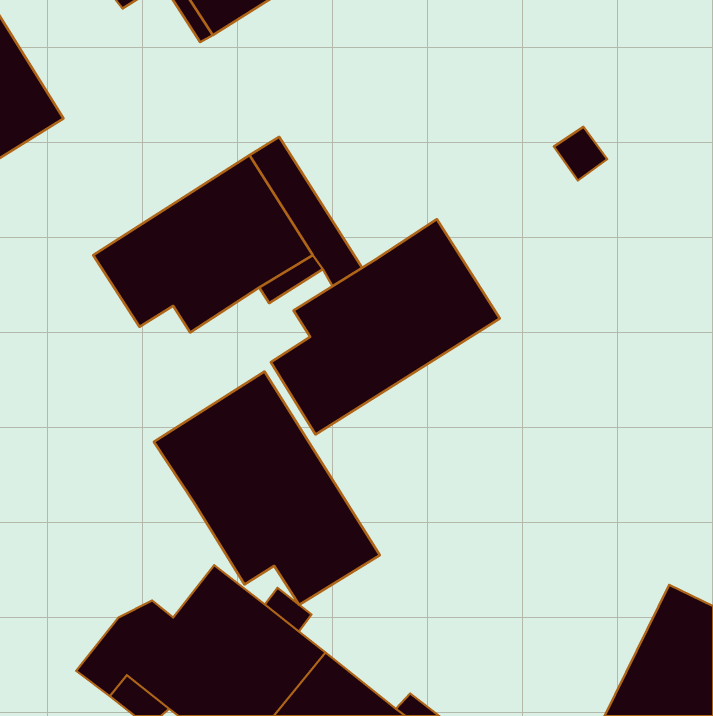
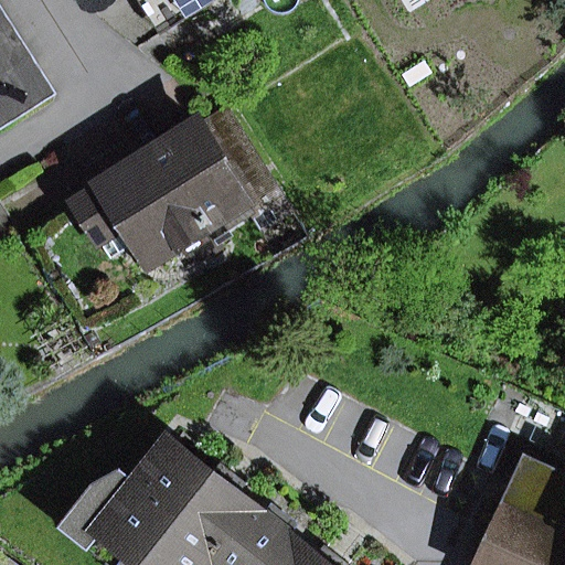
building: [271,219,500,434] -> none
building: [154,372,380,605] -> none

